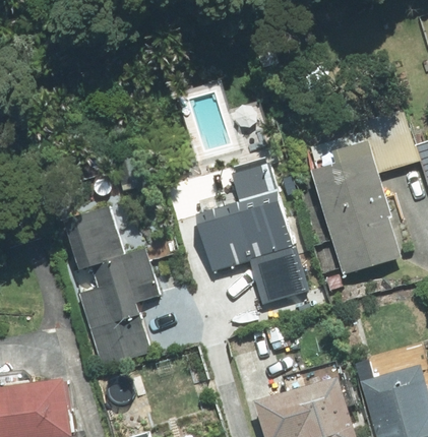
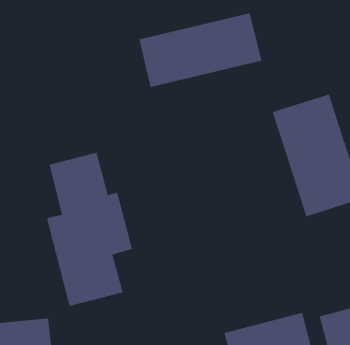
building: none -> [139,13,262,88]
building: [197,163,303,304] -> none

